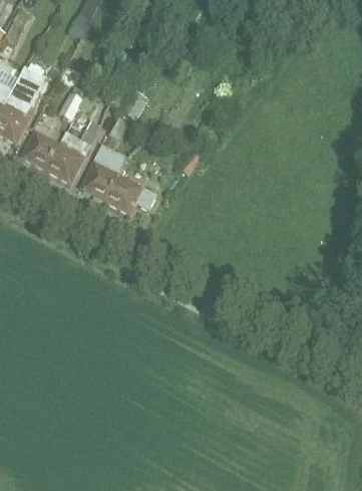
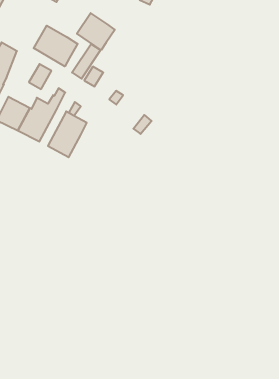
building: none -> [77,13,115,50]
building: none -> [34,26,78,66]
building: [103,175,154,214] -> none

